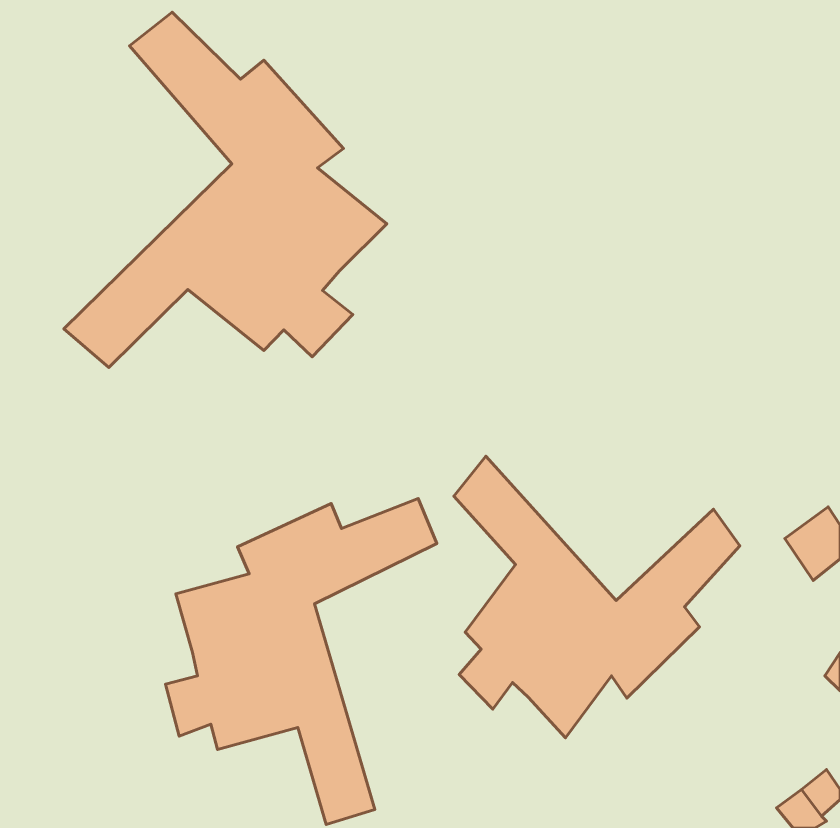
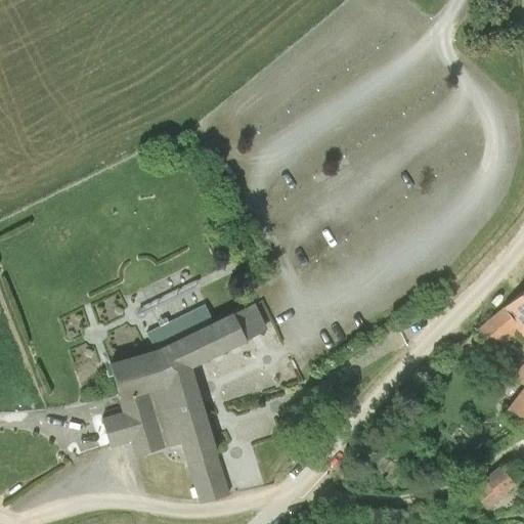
building: [64,12,387,367] -> none
building: [454,456,740,738] -> none

